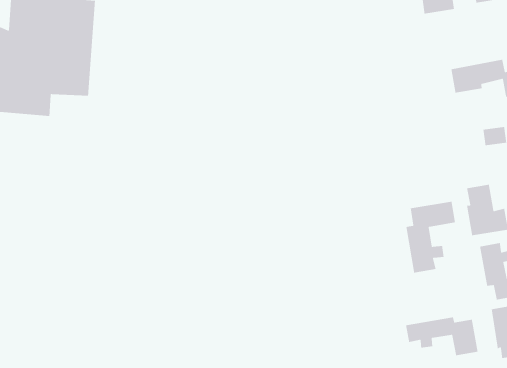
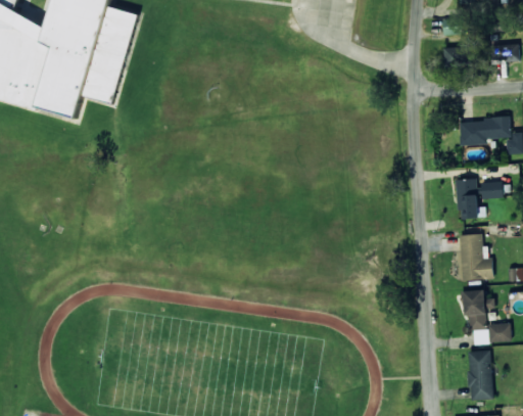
building: none -> [457,178,484,218]
building: [406,201,456,274] -> none
building: [405,316,478,356] -> none

